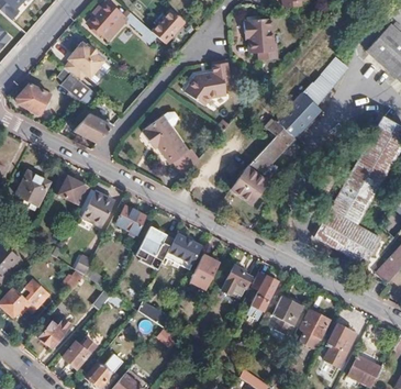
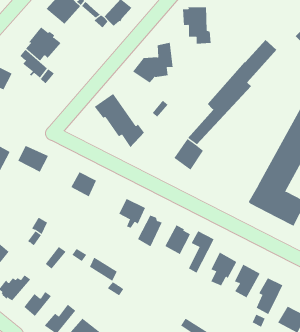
building: [71,111,111,143] -> none
building: [81,189,114,225] -> none
building: [138,226,174,259] -> none

